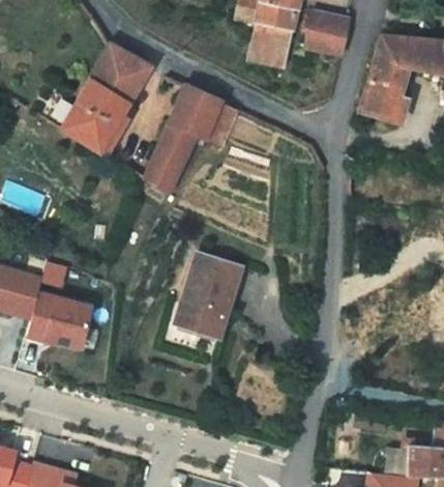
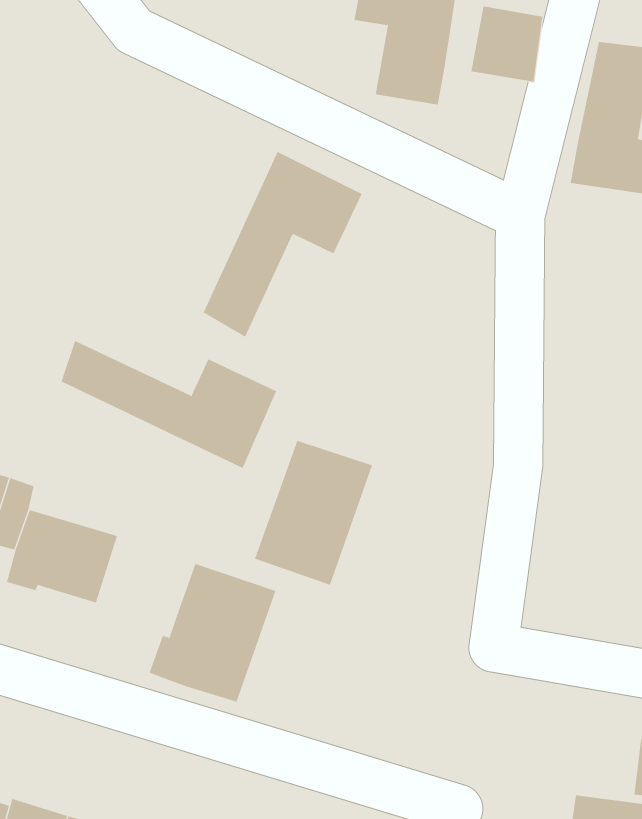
building: [65,47,153,163] -> none
building: none -> [61,340,277,469]
building: none -> [149,563,276,702]

